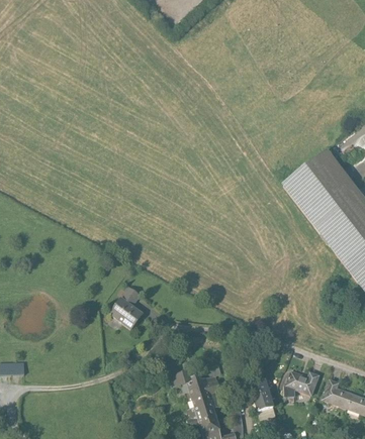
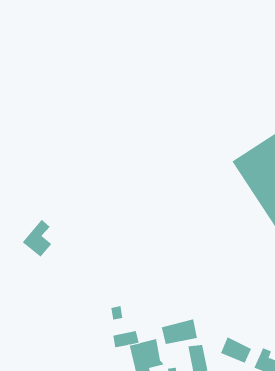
building: [109,287,142,328] -> [22,219,52,258]
building: none -> [161,319,197,345]

